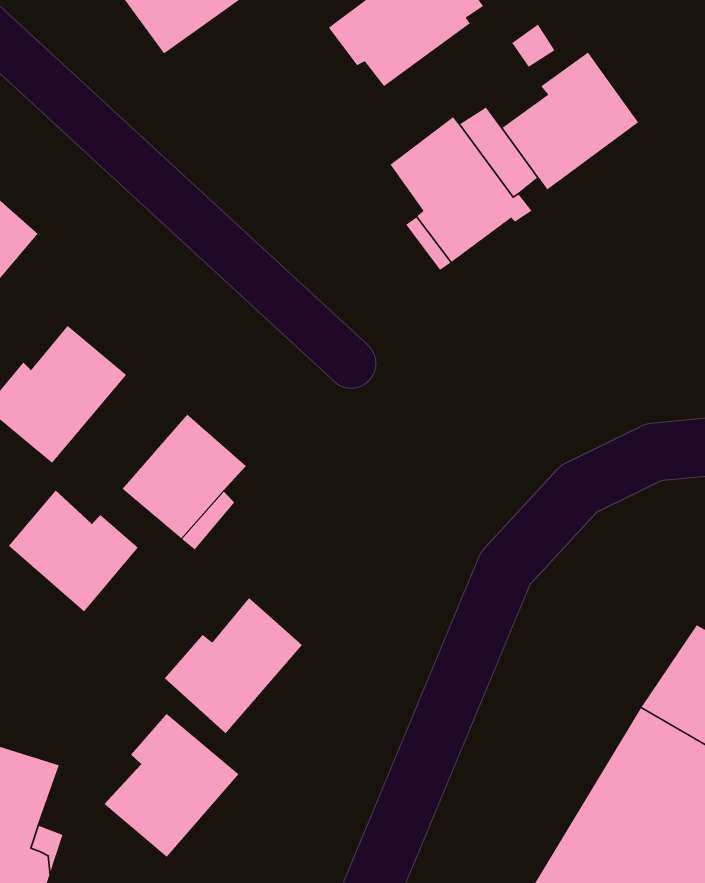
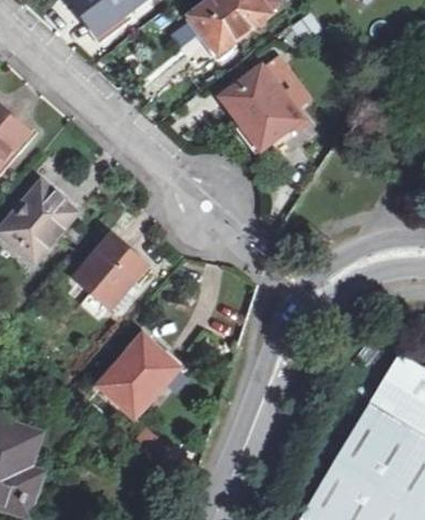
building: [501,52,639,190] -> none
building: [8,490,139,612] -> none
building: [104,713,239,858] -> none

